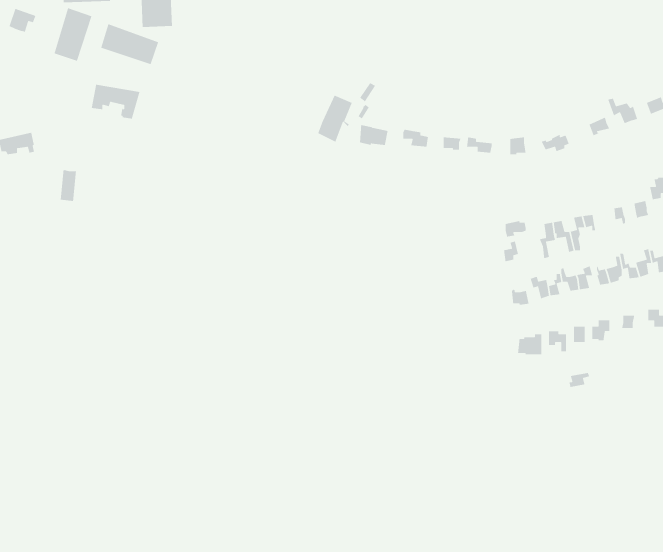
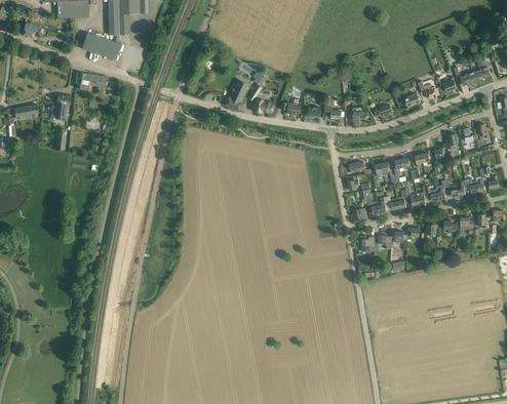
building: [54,7,93,62] -> none
building: none -> [50,93,71,121]

